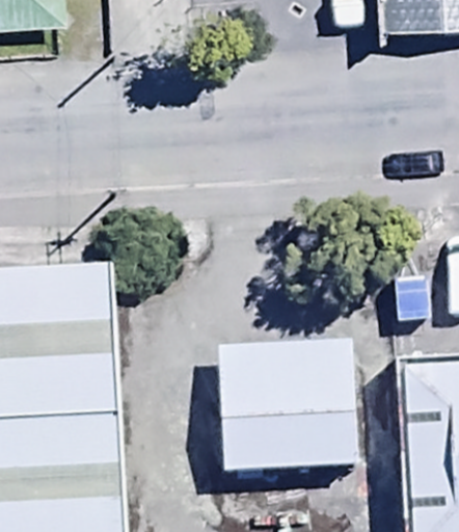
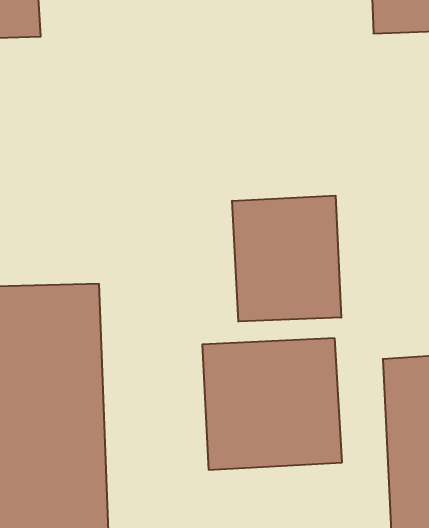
building: none -> [232,196,341,322]

